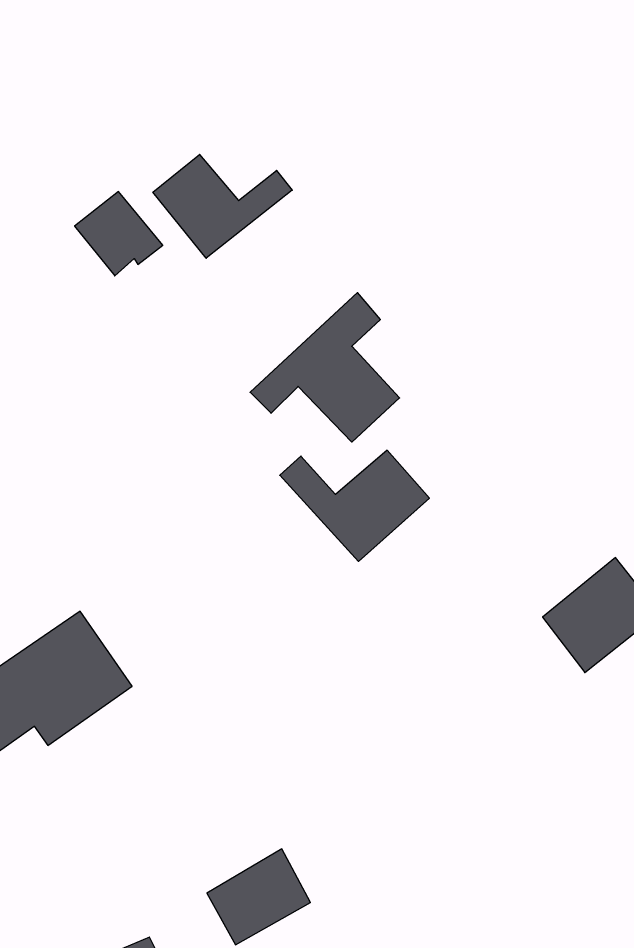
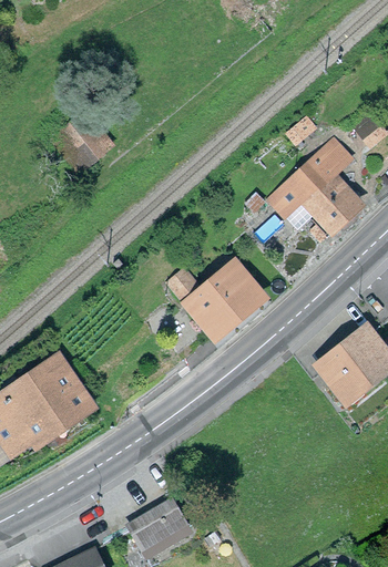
building: [153,154,292,258] -> none
building: [250,293,400,442] -> [275,143,361,229]

